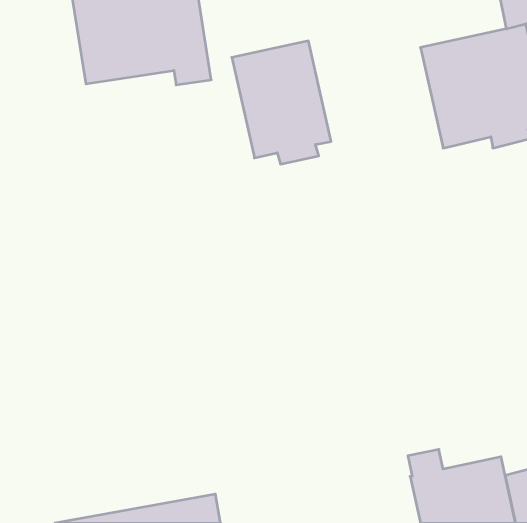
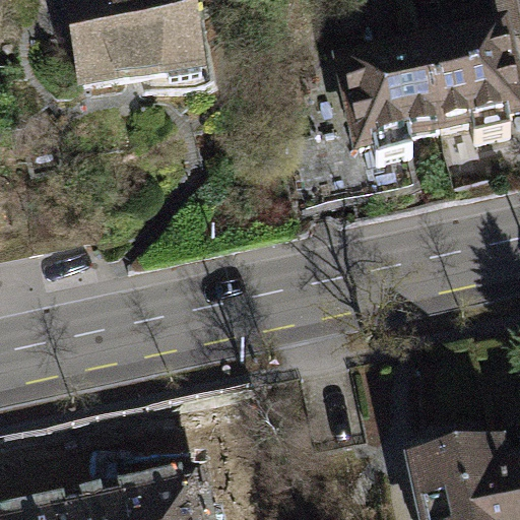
building: [232,41,331,164] -> [339,47,437,168]

